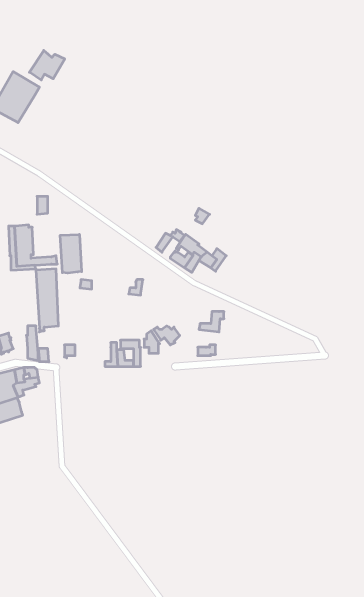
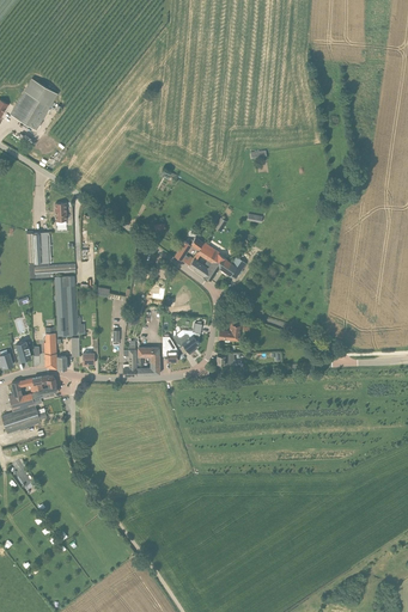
building: [29,50,65,80] -> none
building: [60,234,82,273] -> none

